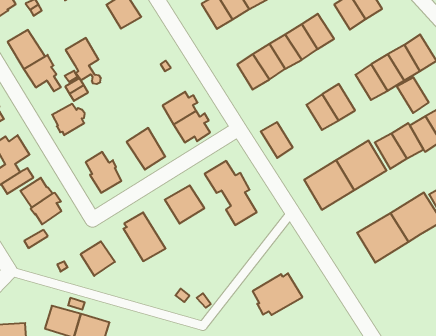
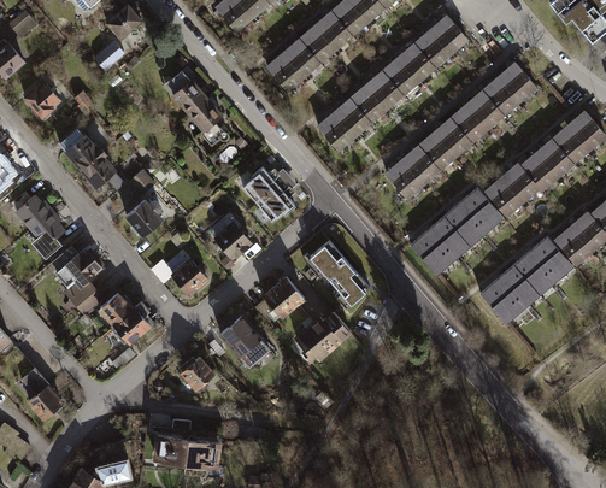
building: none -> [398,43,436,82]
building: [66,38,101,84] -> [181,92,225,141]
building: [397,77,429,113] -> [434,118,472,158]
building: [261,122,293,158] -> [384,160,423,200]
building: [253,273,302,315] -> [292,306,348,357]

